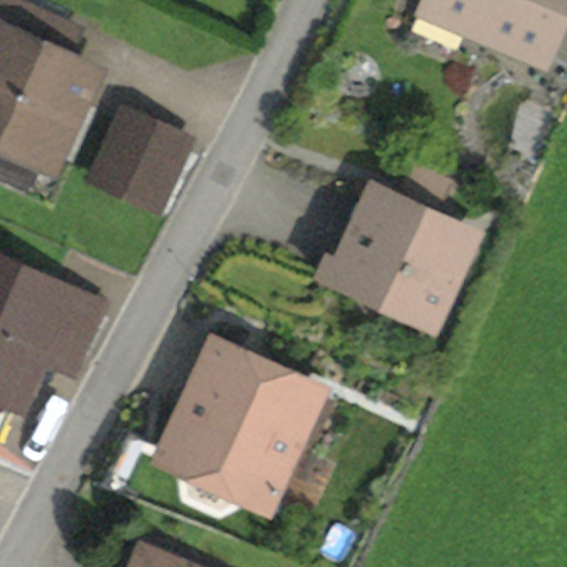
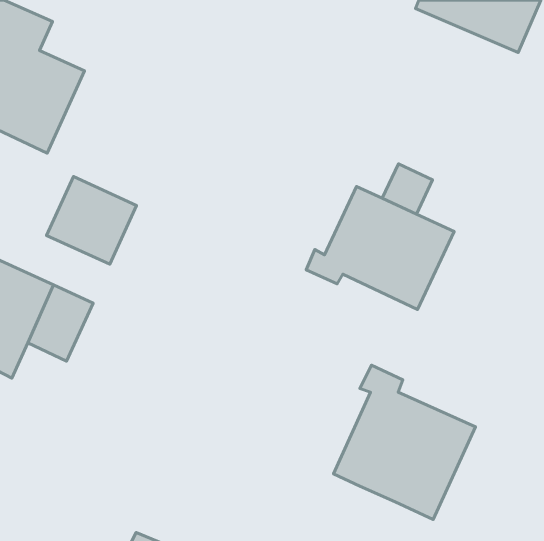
building: [90,124,183,215] -> [47,176,137,264]
building: [165,354,312,504] -> none
building: none -> [334,365,476,520]

